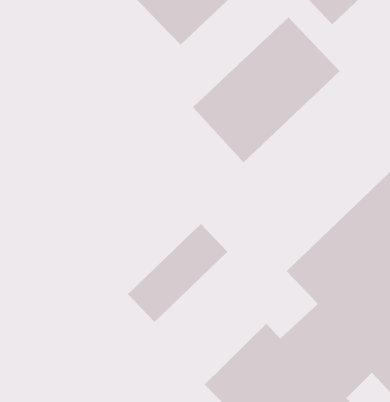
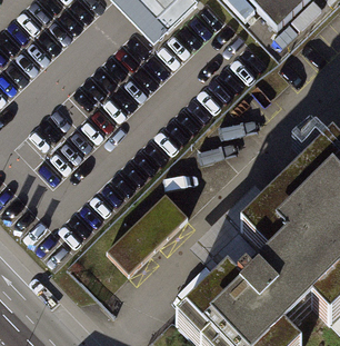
building: [192,17,340,163] -> none

